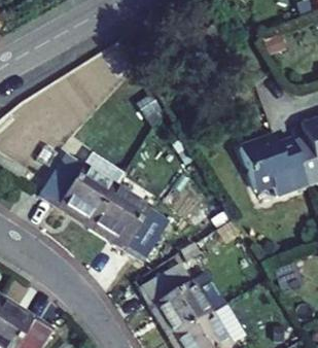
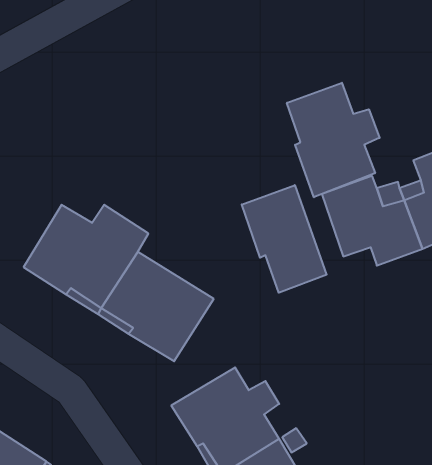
building: none -> [287,83,380,197]
building: none -> [242,185,327,293]

